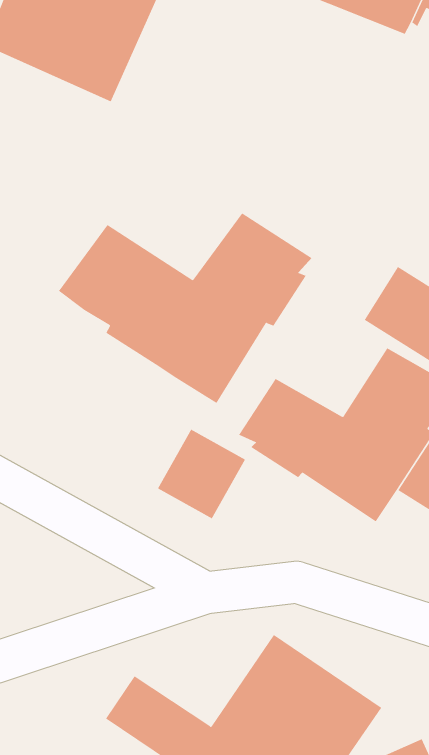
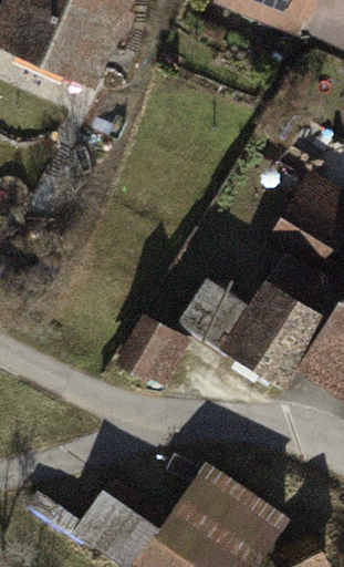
building: [58,213,312,404] -> none

